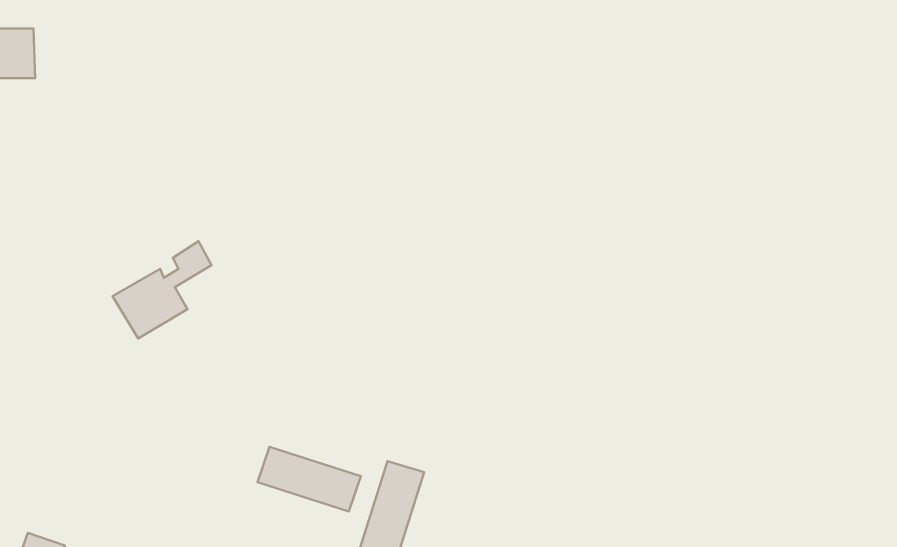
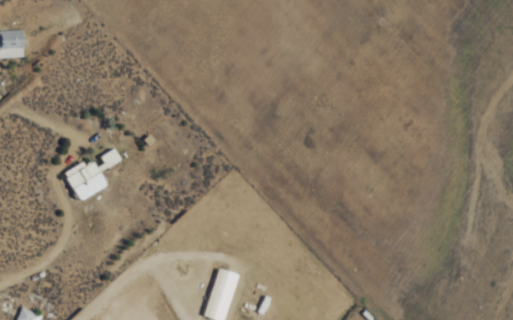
building: [258,447,361,511] -> none

